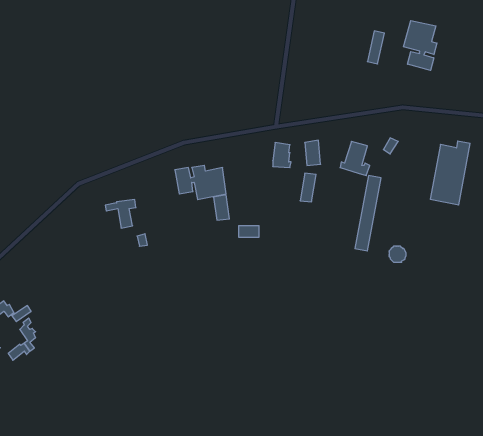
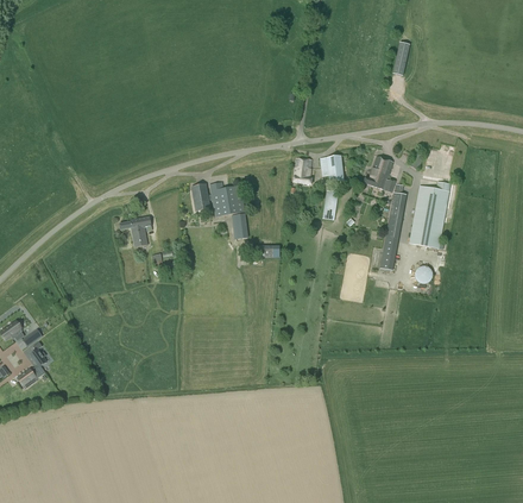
building: [403,21,437,70] -> none
building: [430,141,470,205] -> [408,181,449,247]

